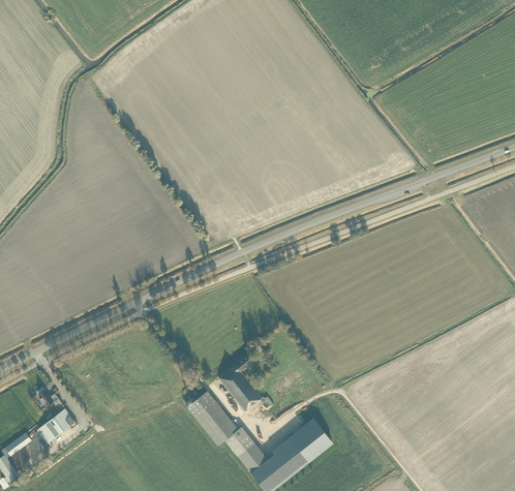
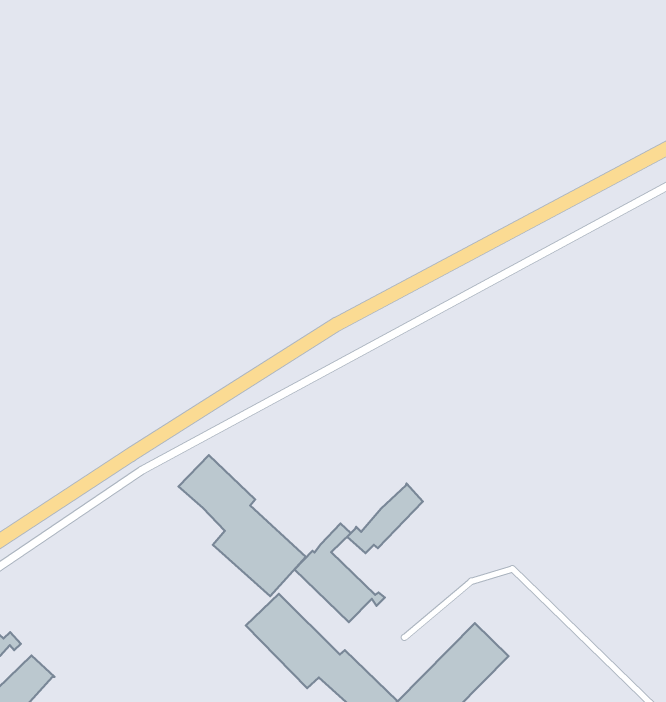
building: none -> [178,455,306,596]
building: none -> [347,483,423,553]

